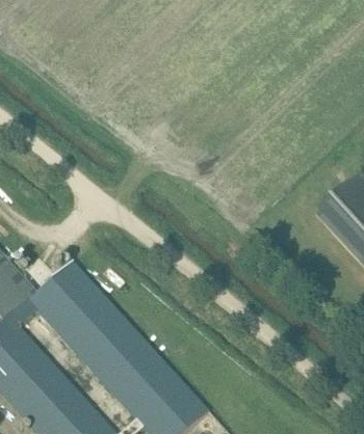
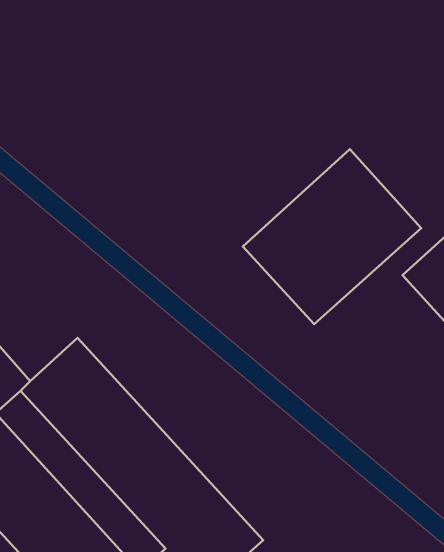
building: none -> [243,149,421,324]

